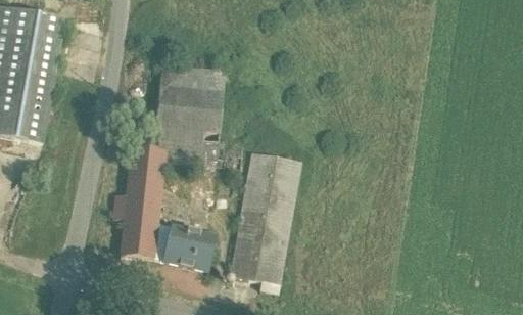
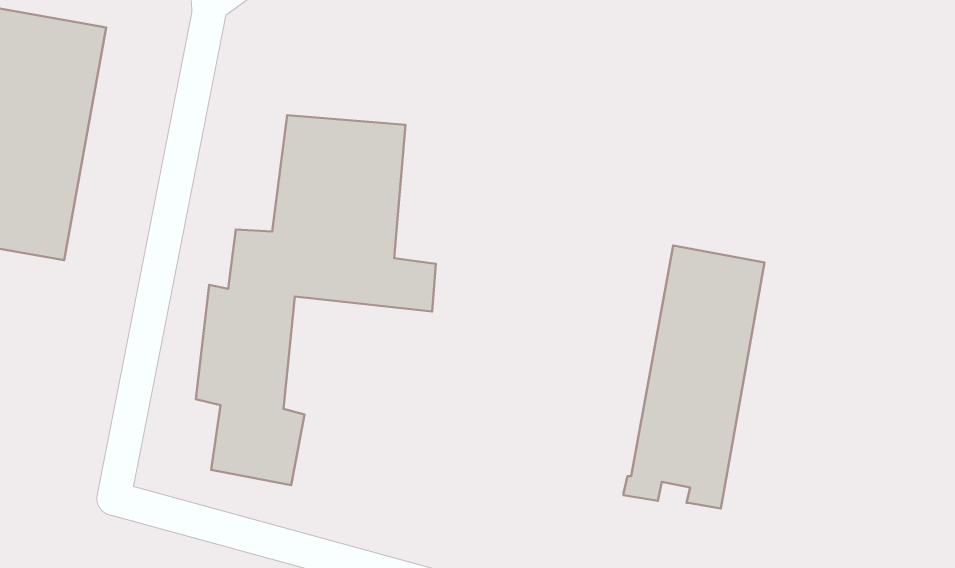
building: [224,152,299,294] -> [624,245,765,508]
building: [162,223,213,271] -> none

